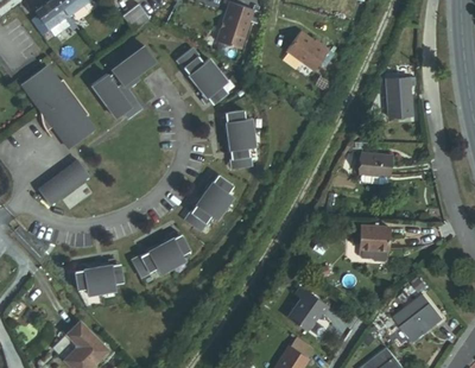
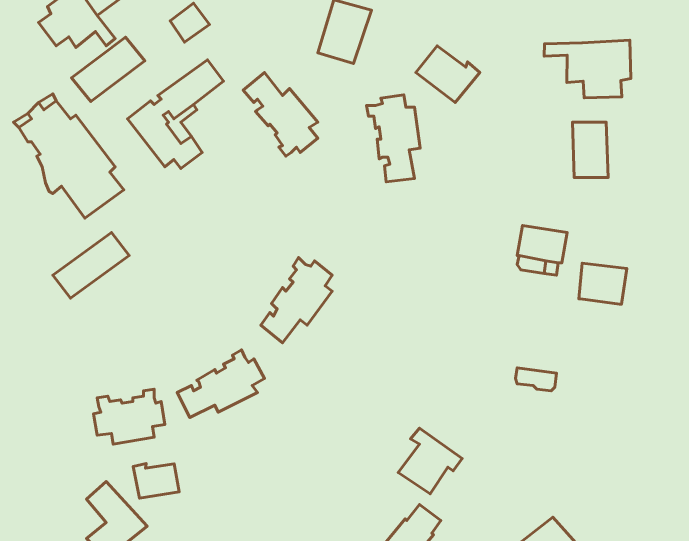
building: none -> [71,37,145,101]
building: none -> [544,40,631,98]
building: [216,110,252,169] -> [367,95,420,182]
building: [355,223,387,250] -> [579,263,627,304]
building: [385,293,435,342] -> none
building: none -> [133,463,179,498]

